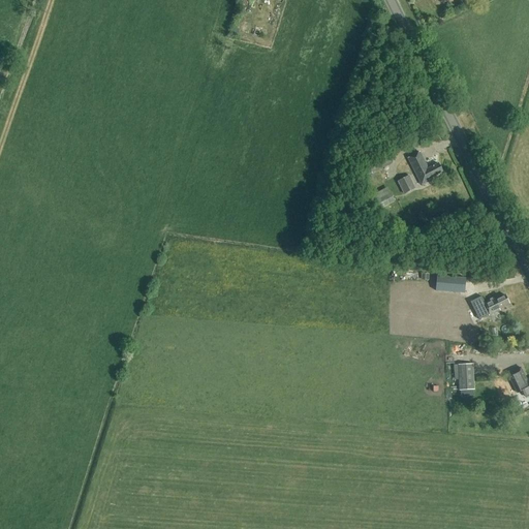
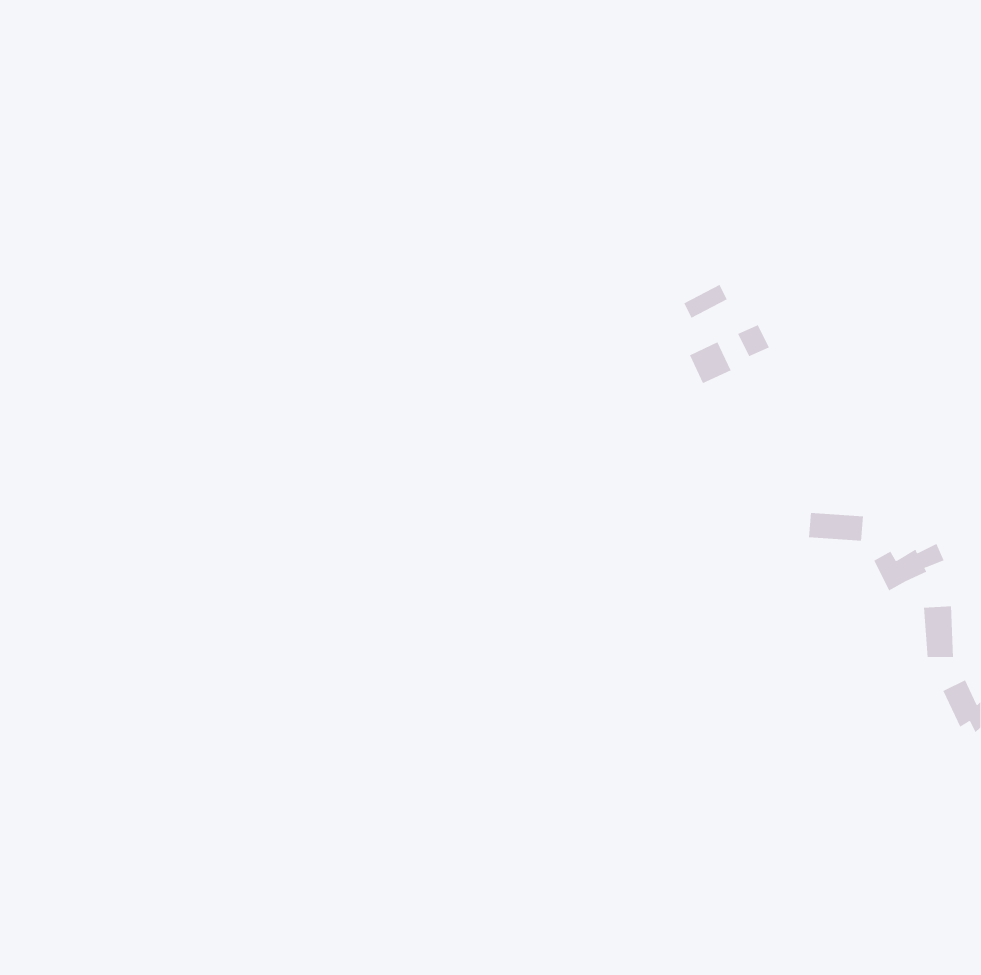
building: [407,151,442,183] -> none
building: [458,361,474,388] -> [923,606,954,657]

